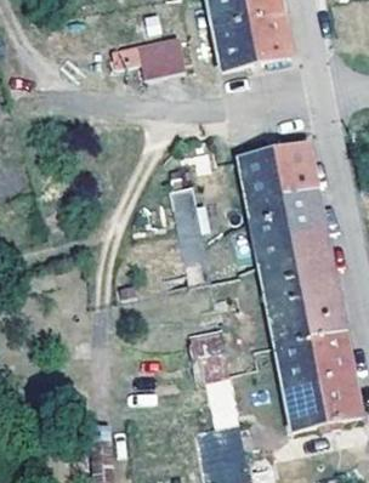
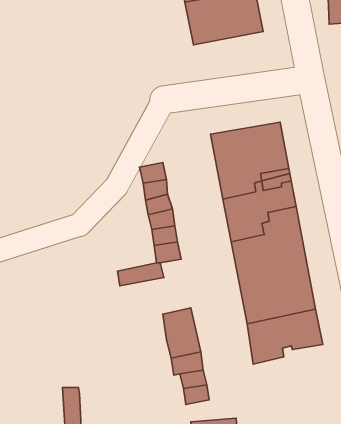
building: [135,35,183,76] -> none
building: [279,364,357,426] -> none

